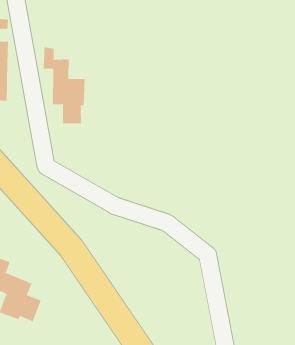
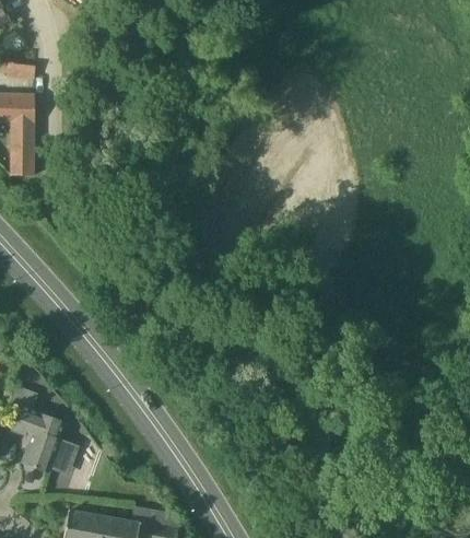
building: [43,46,85,124] -> none

